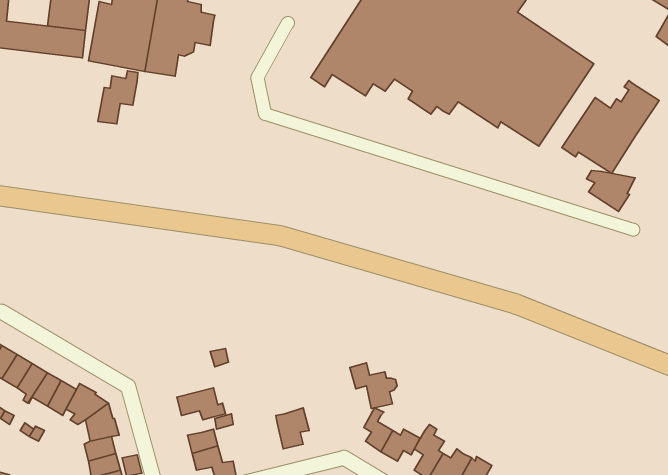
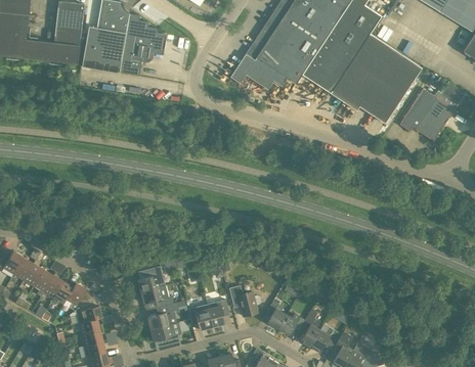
building: [98,71,138,124] -> none
building: [587,170,635,212] -> none
building: none -> [137,266,165,291]
building: [350,363,397,408] -> [228,285,260,316]
building: none -> [187,304,212,329]

